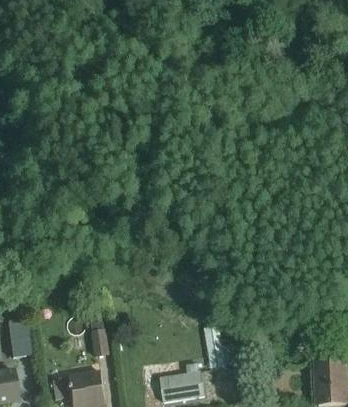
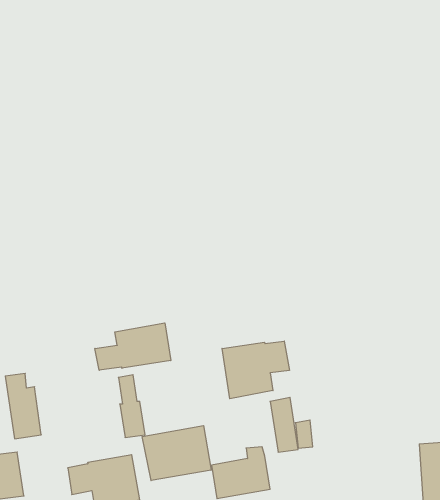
building: none -> [95,323,171,370]
building: none -> [222,341,289,399]
building: none -> [142,426,211,481]

